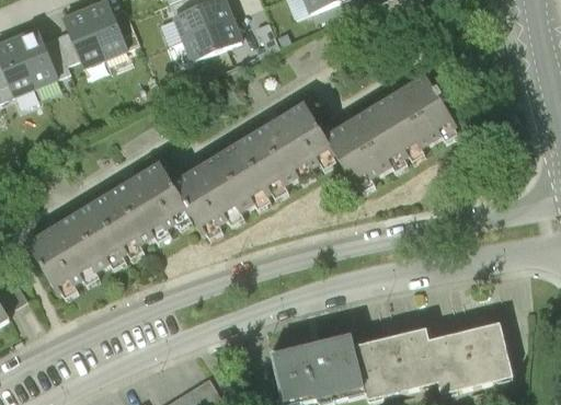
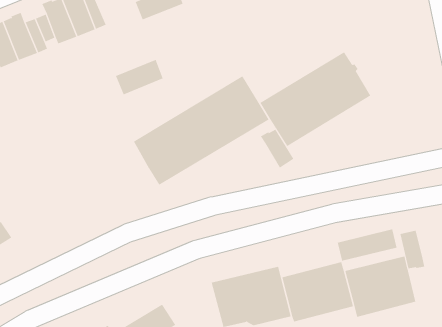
building: [182,18,240,60] -> [115,59,164,95]
building: [26,162,190,294] -> none
building: none -> [260,129,294,168]
building: none -> [337,229,397,261]
building: none -> [400,230,425,269]

